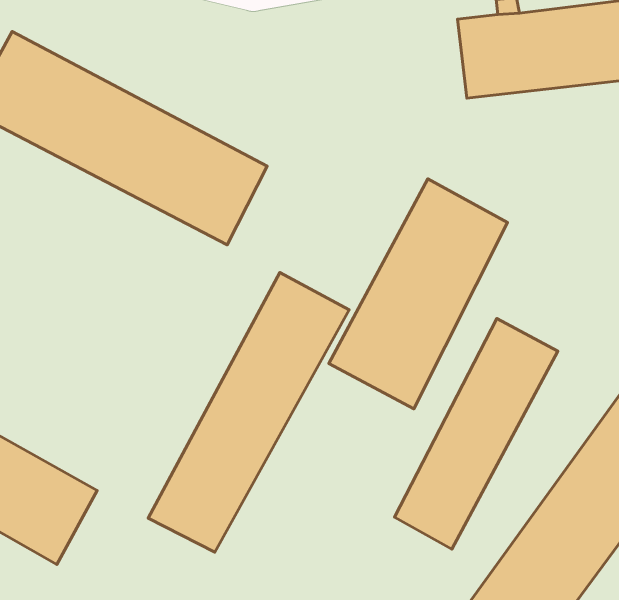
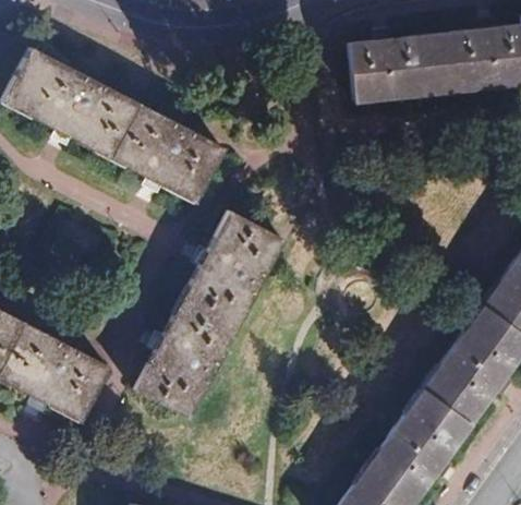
building: [329,179,508,409] -> none
building: [395,319,558,549] -> none

